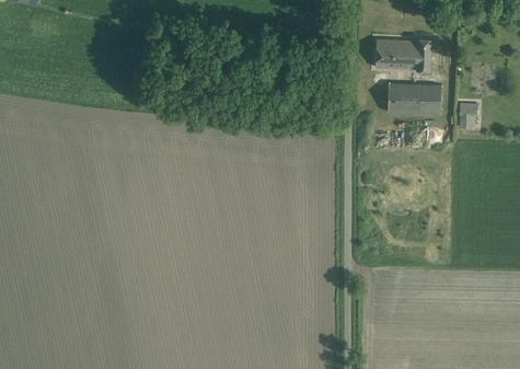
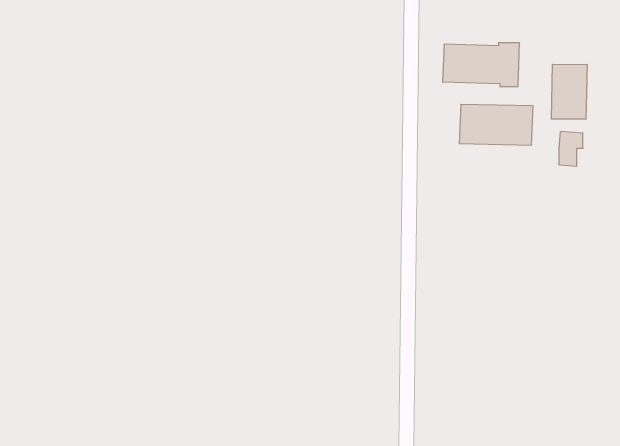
building: none -> [552,64,587,119]

